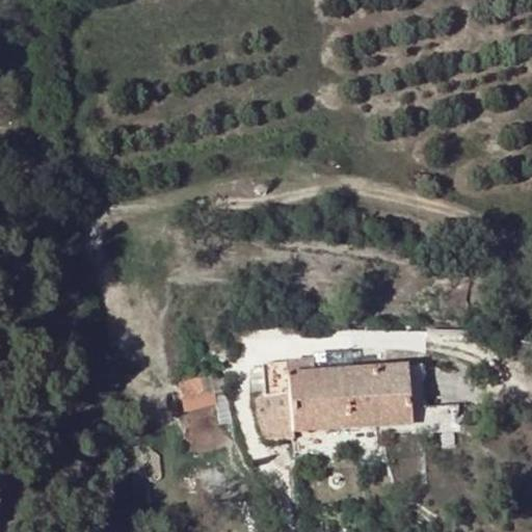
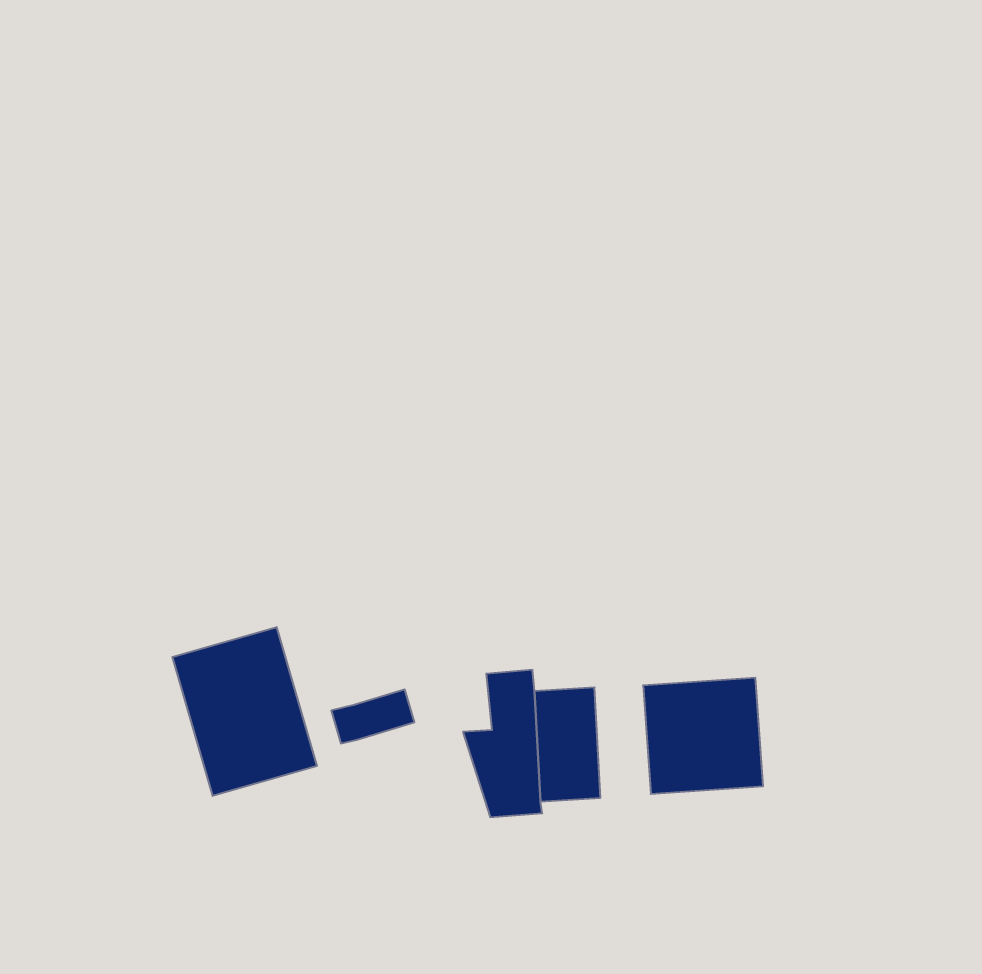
building: none -> [172,627,317,796]
building: [323,368,353,428] -> none

